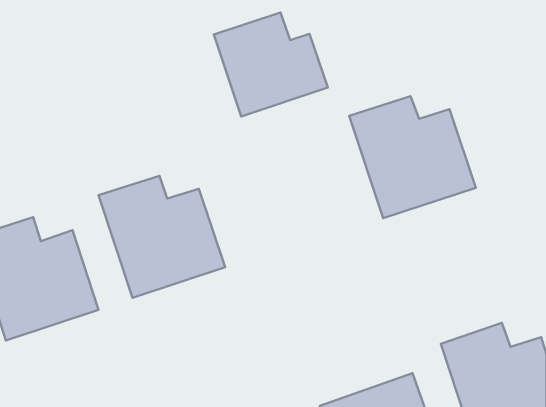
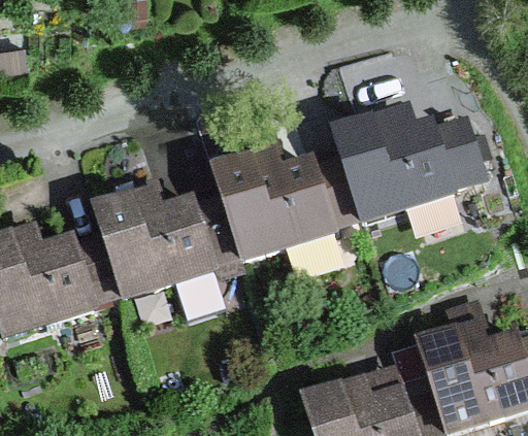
building: [214,13,328,116] -> none
building: none -> [212,144,332,260]

